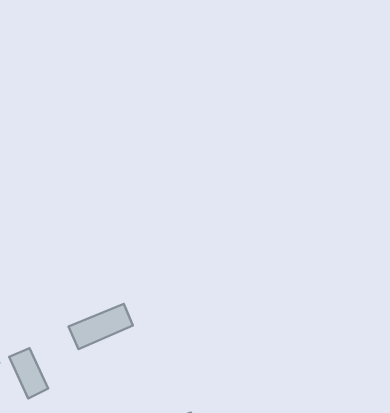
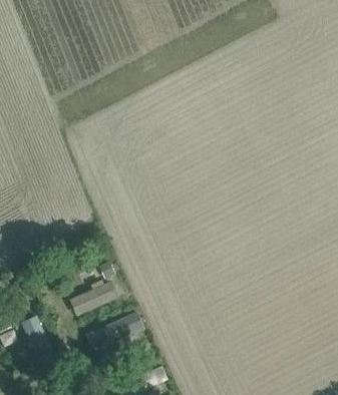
building: none -> [92,313,146,349]

